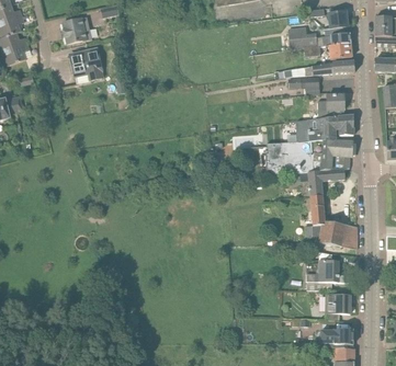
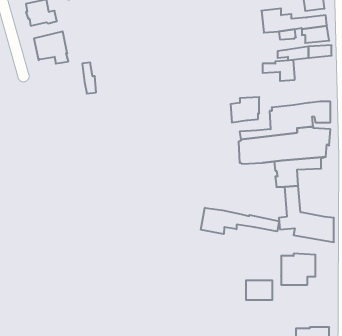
building: [317,94,344,118] -> [231,97,259,122]
building: none -> [201,208,279,234]
building: [325,295,350,313] -> [246,280,272,300]

